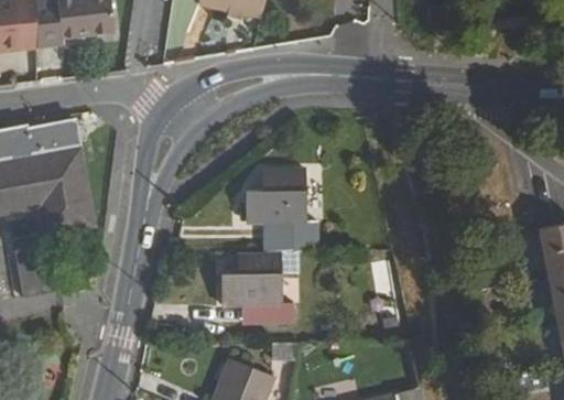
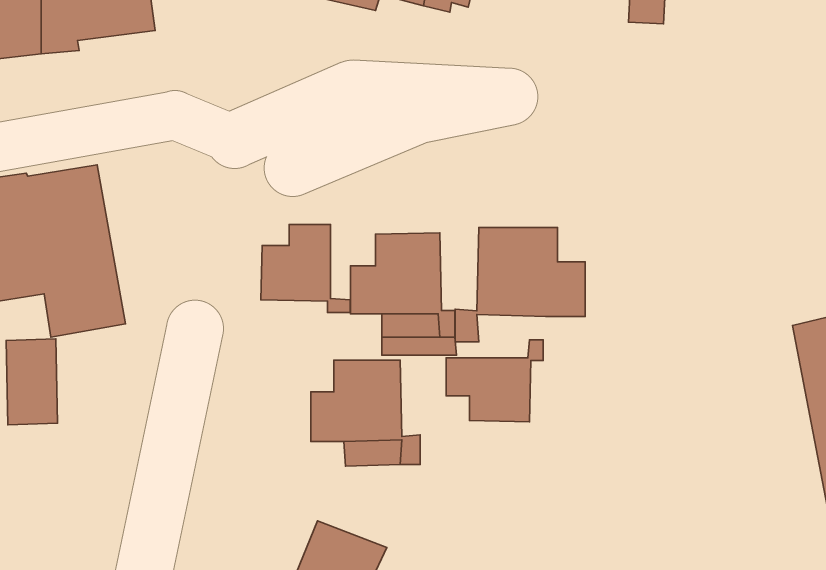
building: none -> [261,224,350,312]
building: none -> [455,227,585,342]
building: none -> [446,340,543,422]

